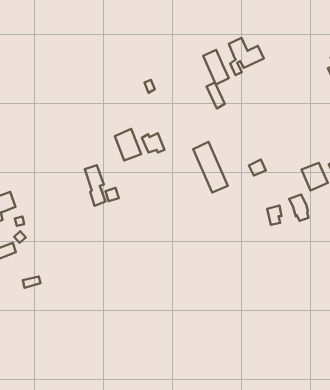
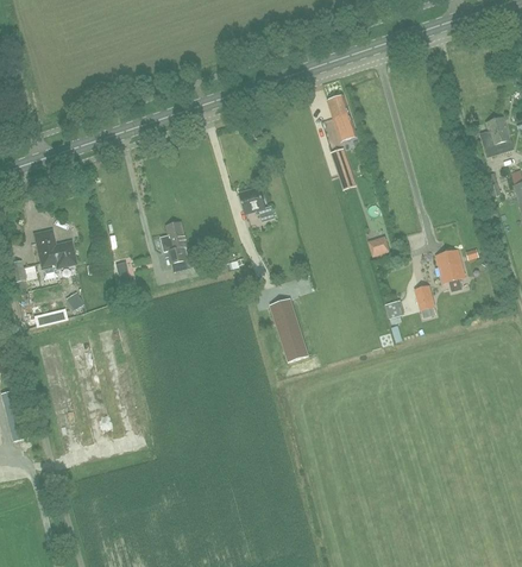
building: [229,38,264,75] -> none
building: [115,129,141,161] -> none
building: [193,142,228,192] -> [269,298,307,361]

